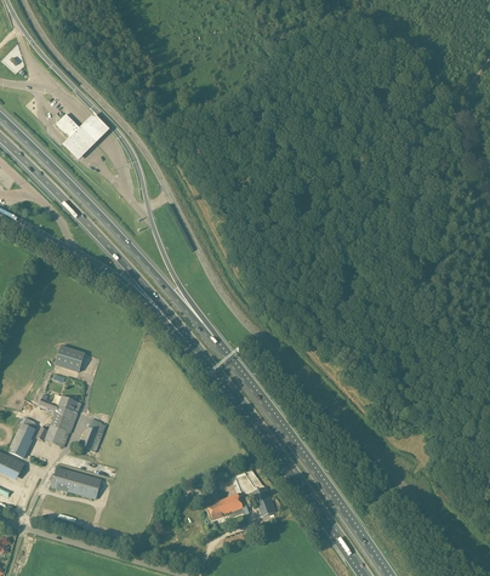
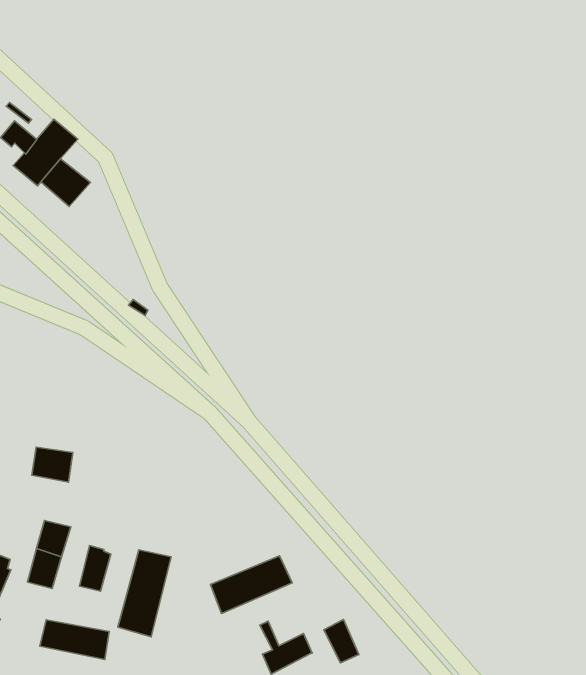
building: none -> [41,159,90,207]
building: none -> [118,550,171,637]
building: none -> [210,556,292,613]

